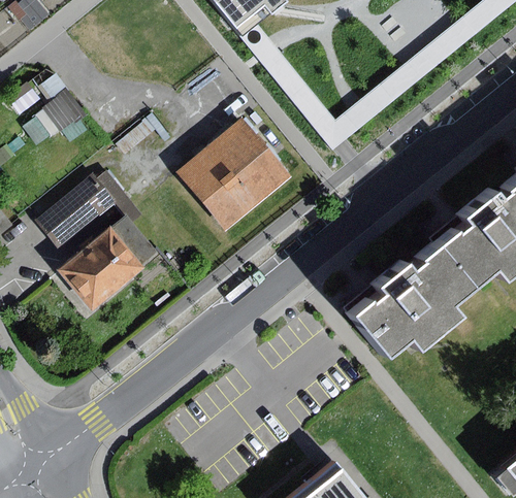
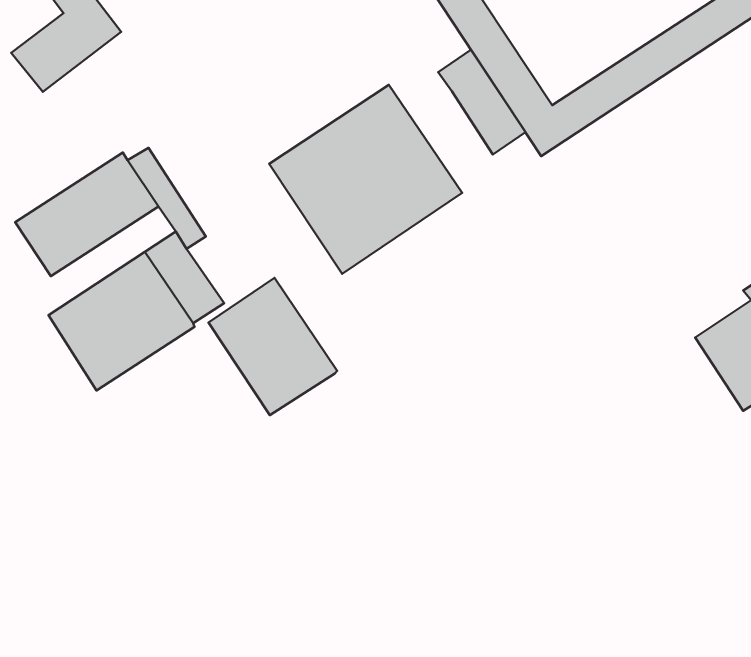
building: none -> [438,50,525,155]
building: none -> [209,278,337,415]
building: [347,245,464,354] -> none

